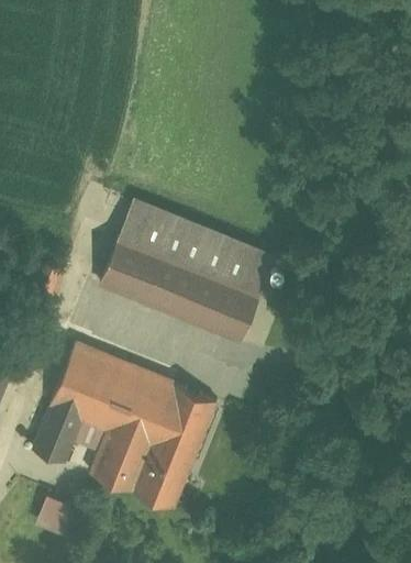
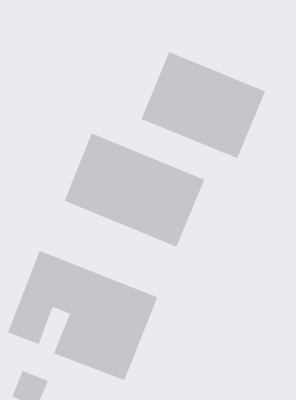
building: none -> [141,51,266,159]

